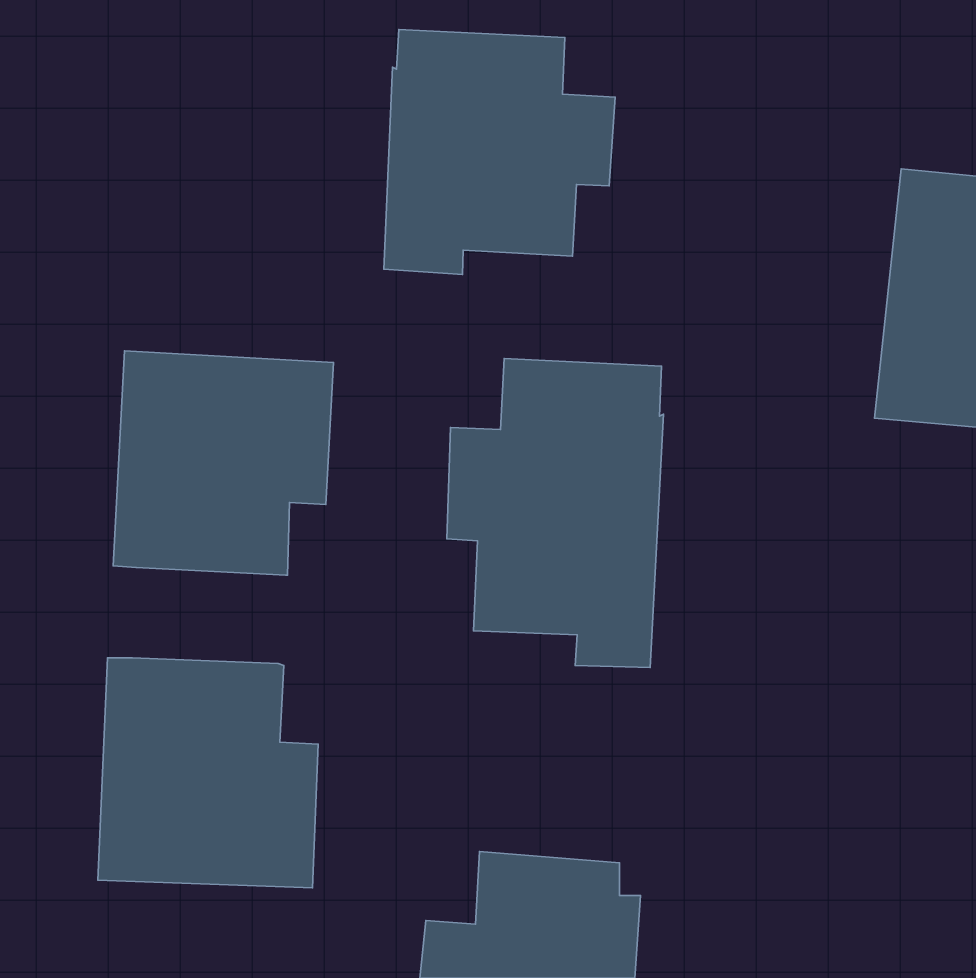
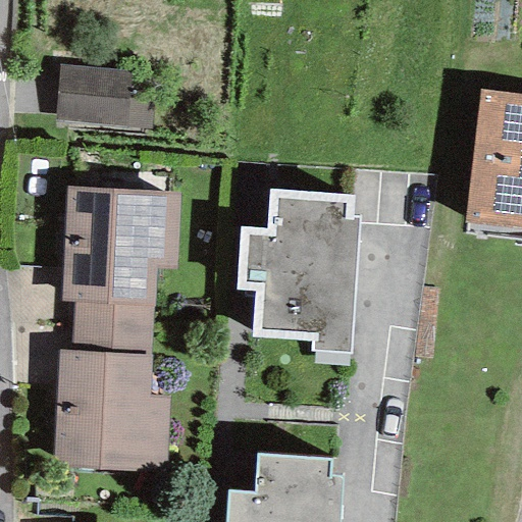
building: [384,29,615,275] -> none
building: none -> [55,62,155,126]
building: none -> [72,302,154,353]

